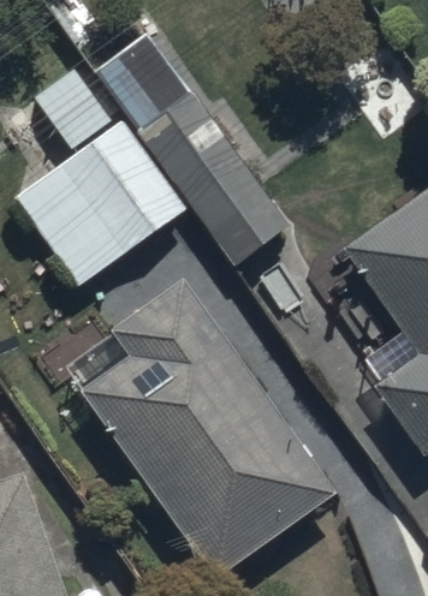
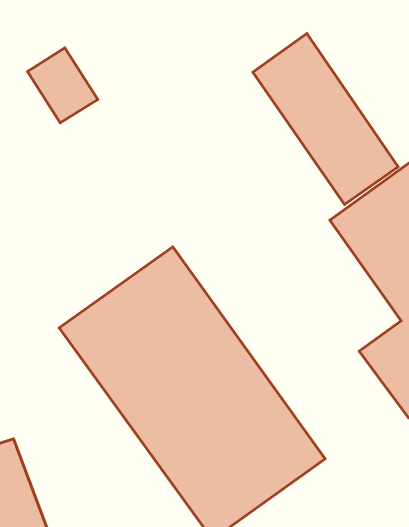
building: [138,89,287,264] -> [253,33,398,204]
building: [13,123,184,288] -> none

